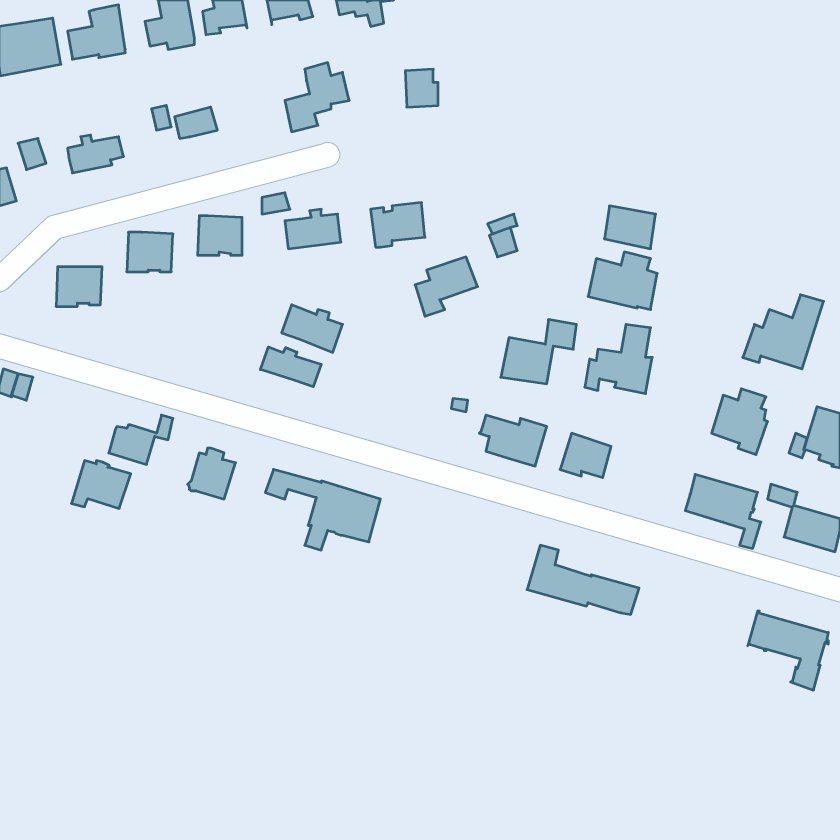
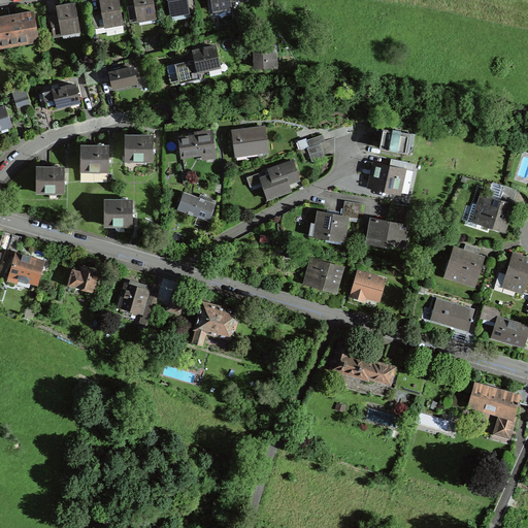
building: none -> [103,201,131,226]
building: [260,347,321,387] -> none
building: [71,461,131,508] -> [6,255,43,285]

